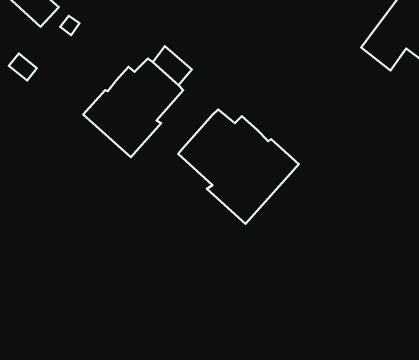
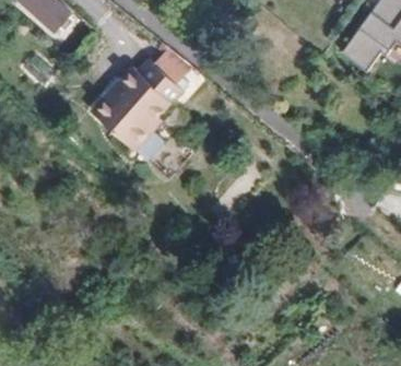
building: [178,110,299,224] -> none

